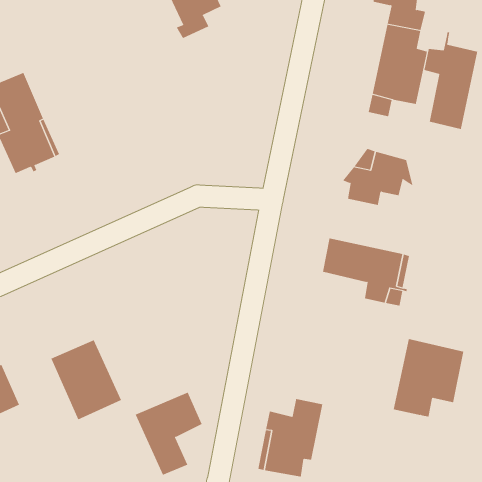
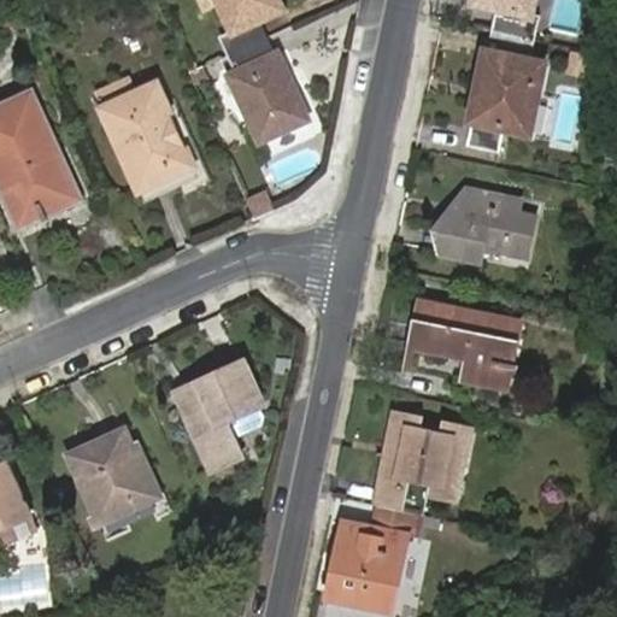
building: none -> [229,34,305,135]
building: [424,32,478,130] -> none
building: none -> [101,84,211,188]
building: [393,338,464,417] -> [375,415,465,515]
building: [135,392,202,475] -> [172,362,258,468]

